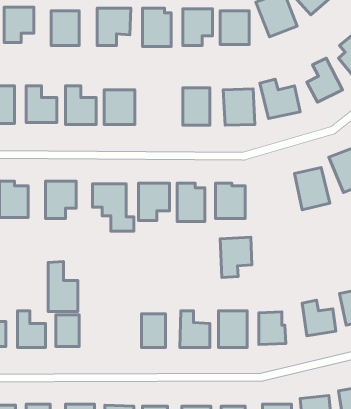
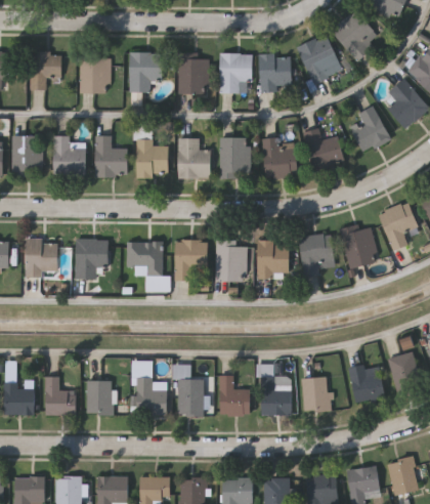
building: none -> [179,139,211,178]
building: [220,237,252,277] -> [299,234,333,277]
building: [48,261,78,311] -> [134,361,166,414]

